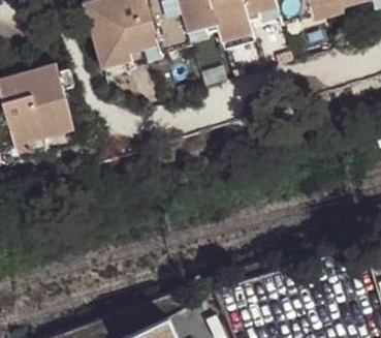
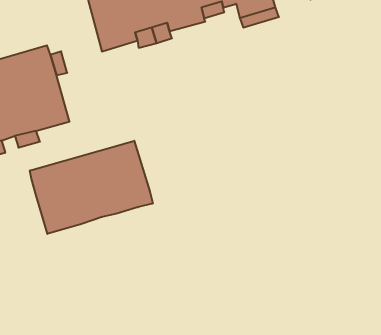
building: none -> [30,141,153,234]

